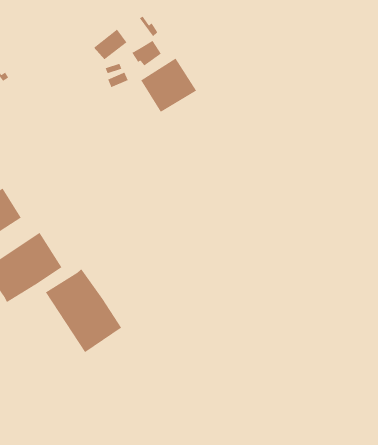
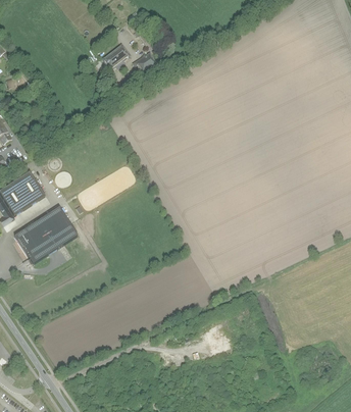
building: [140,58,197,113] -> none
building: [45,268,122,353] -> none

